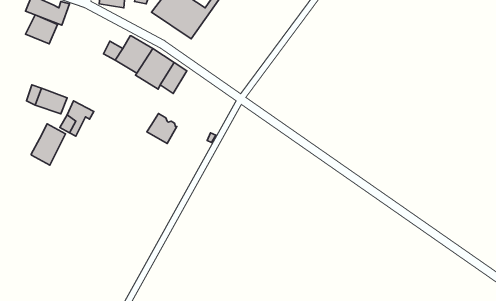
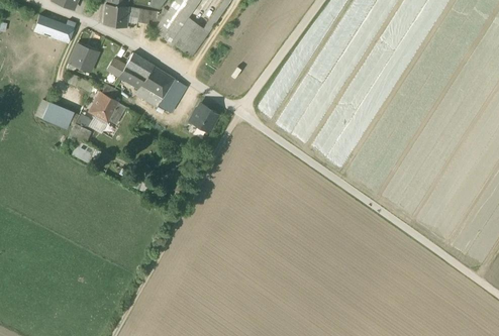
building: [26,15,58,44] -> [69,44,99,72]
building: none -> [91,93,119,122]
building: [147,114,177,143] -> [190,103,218,131]
building: [31,124,65,165] -> none

